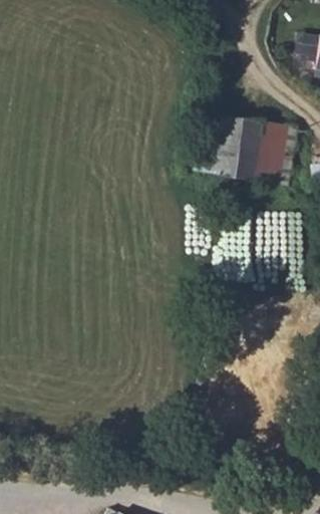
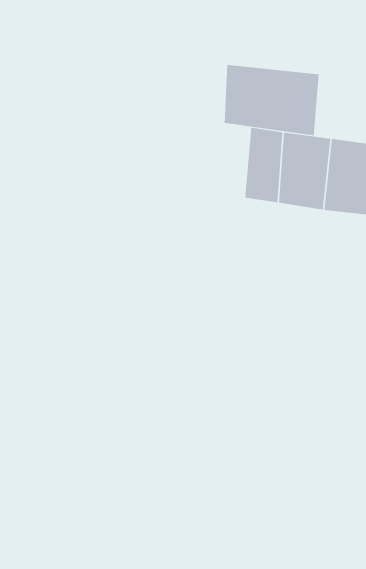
building: none -> [224,64,319,136]

